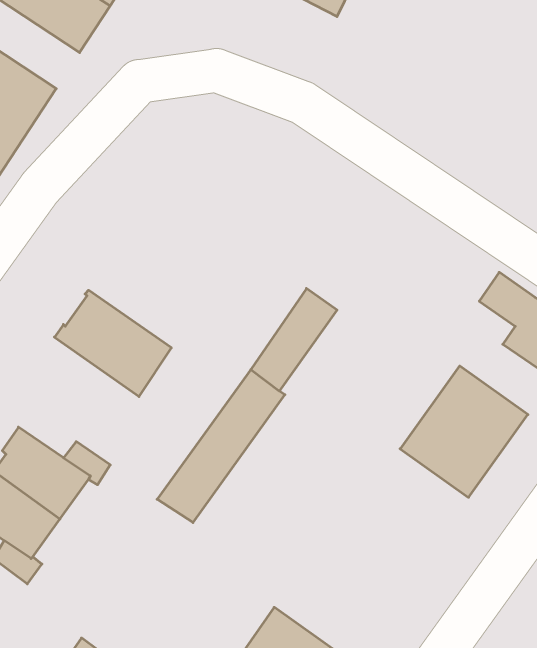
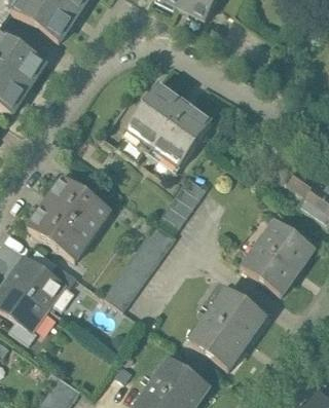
building: none -> [126,84,212,168]
building: none -> [28,203,93,261]
building: none -> [189,288,266,369]

